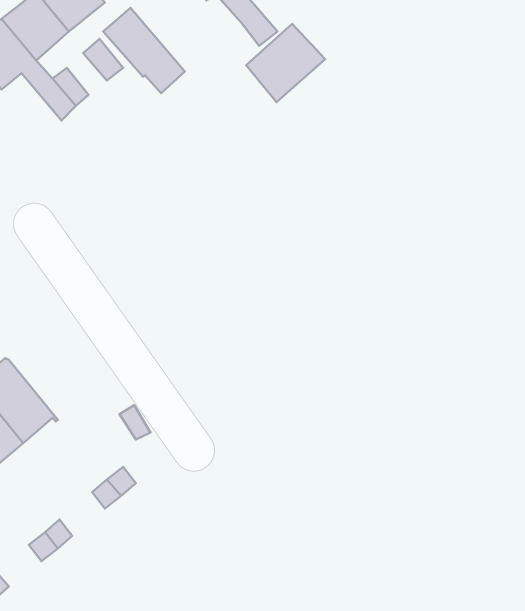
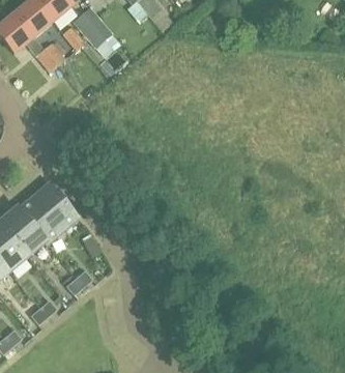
building: [246,24,325,102] -> none
building: none -> [19,183,77,242]

